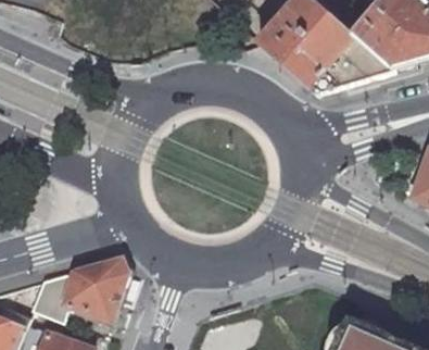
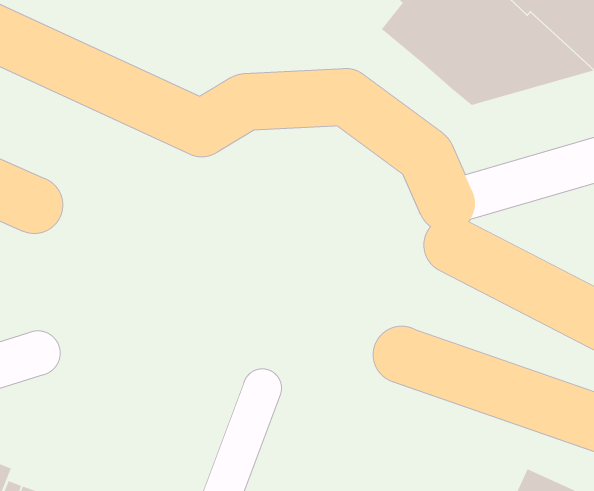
building: [33,258,131,322] -> none

